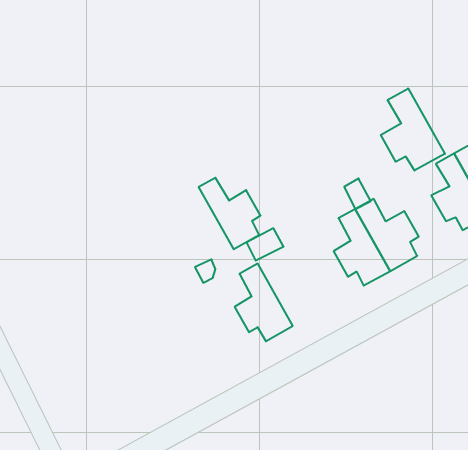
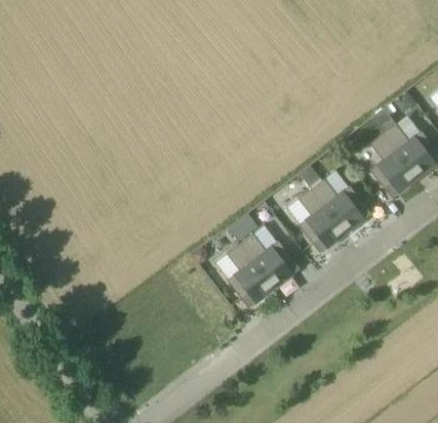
building: [381,88,445,171] -> none
building: [199,178,261,249] -> [240,232,293,287]

